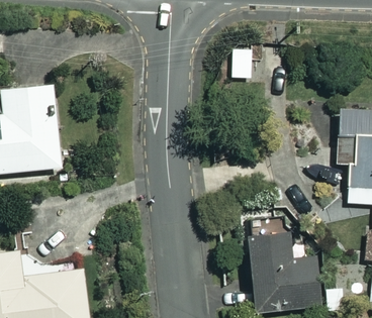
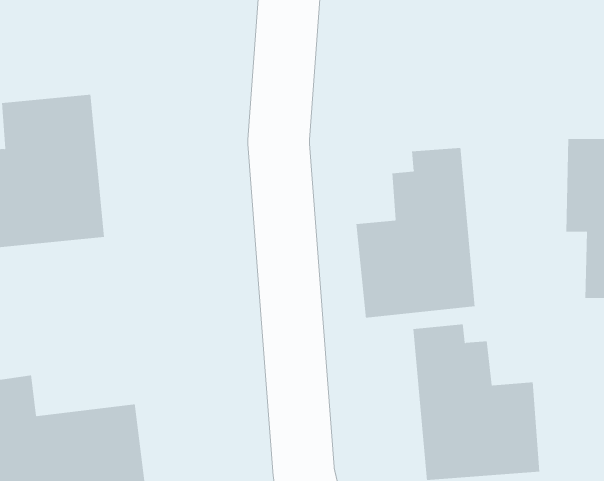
building: none -> [356,147,475,318]

